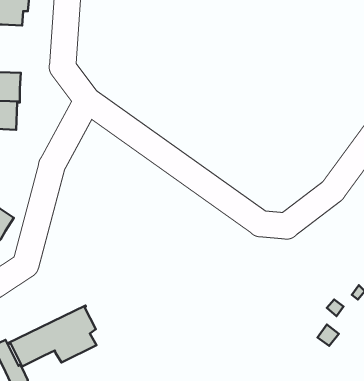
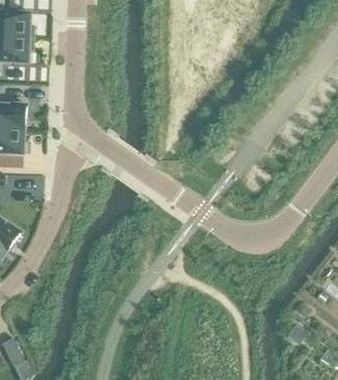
building: [7,305,97,367] -> none

